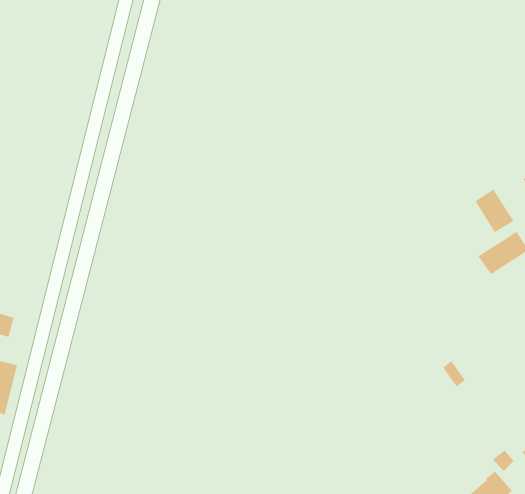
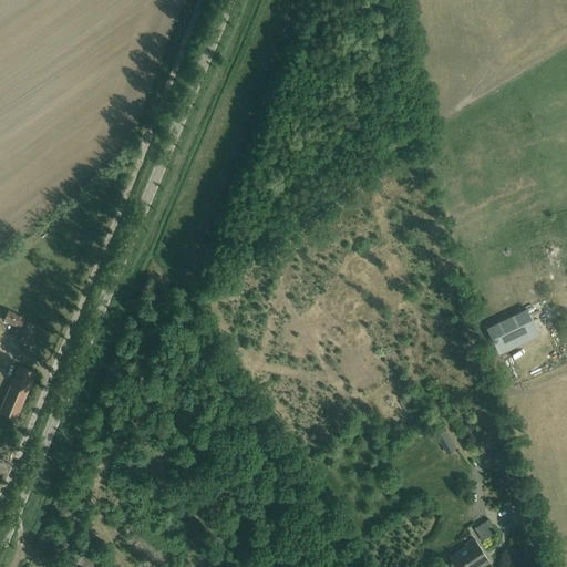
building: [474,188,514,233] -> none

